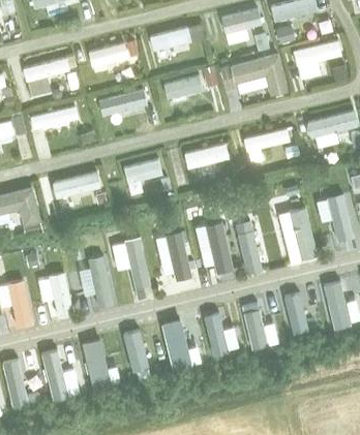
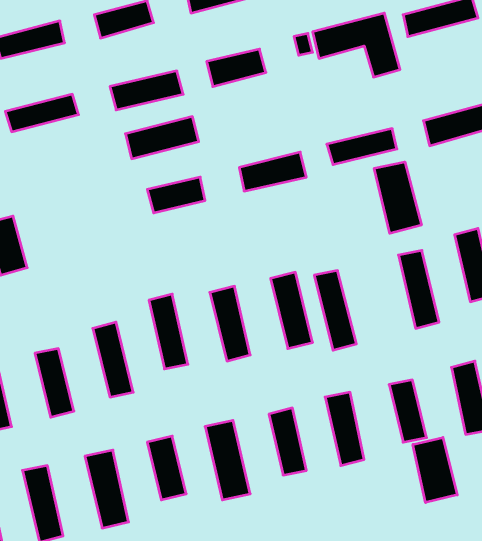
building: none -> [374,162,421,233]
building: [52,172,100,199] -> [125,117,199,159]
building: none -> [413,437,457,503]

